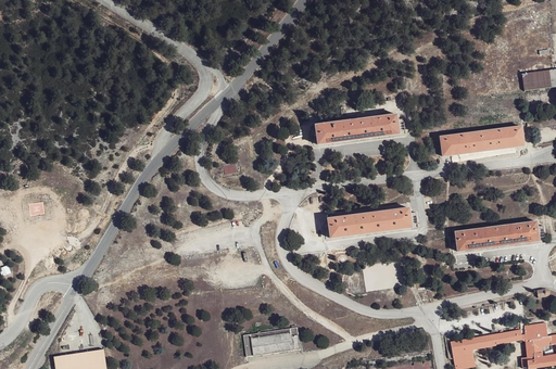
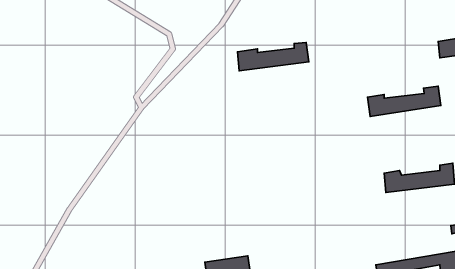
building: [318,112,403,145] -> [237,43,309,71]
building: [330,205,414,239] -> none

